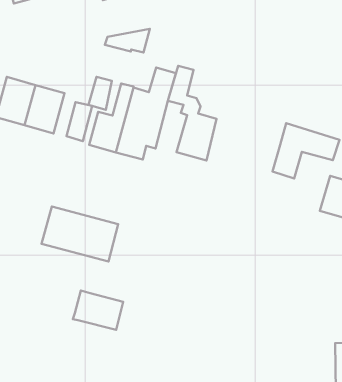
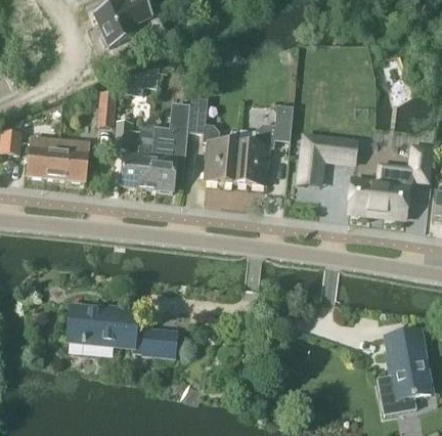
building: none -> [234,103,294,184]
building: [67,102,92,141] -> [97,91,117,127]
building: [41,207,118,262] -> [68,304,137,347]

